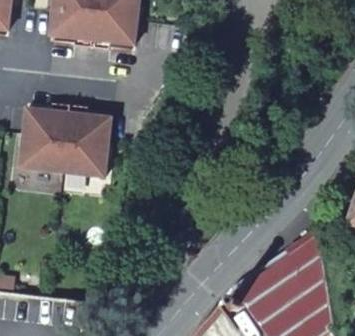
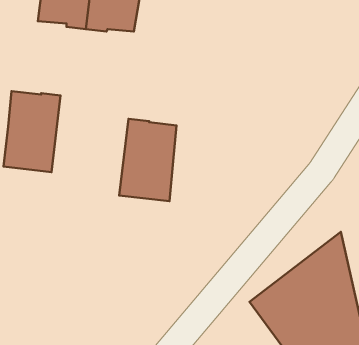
building: [60,108,110,180] -> [119,119,176,201]

